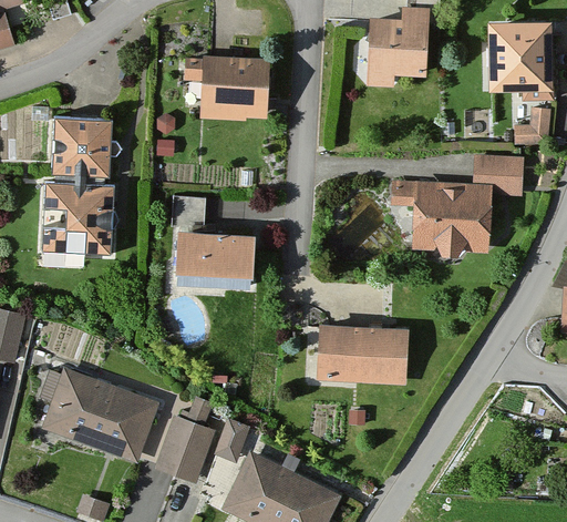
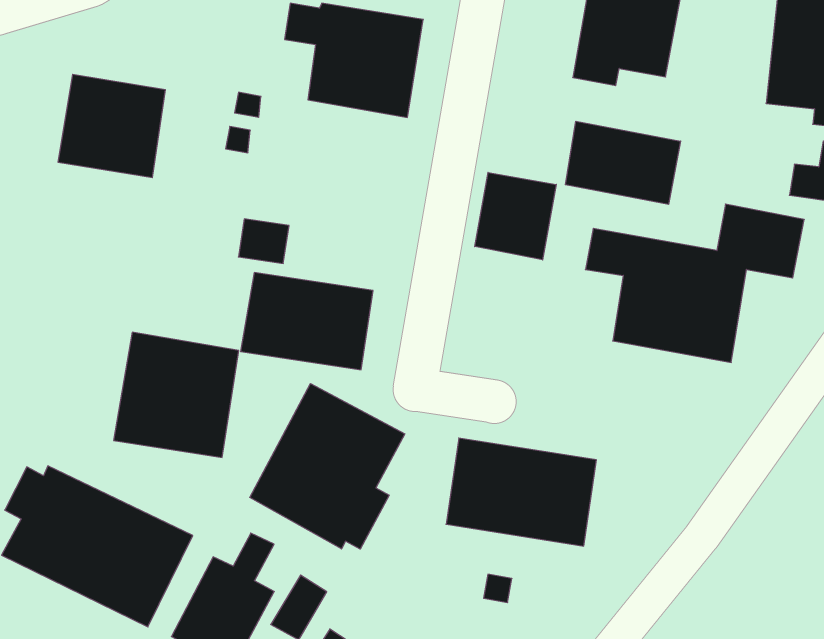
building: none -> [565,121,681,204]
building: none -> [475,172,556,260]
building: [39,182,112,255] -> [114,332,239,457]
building: none -> [250,384,405,549]

